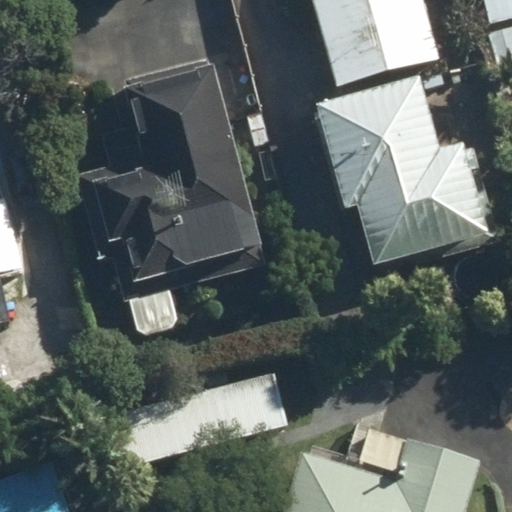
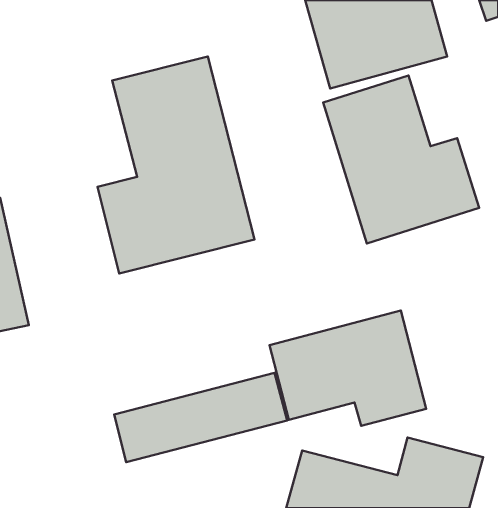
building: none -> [270,310,426,426]

